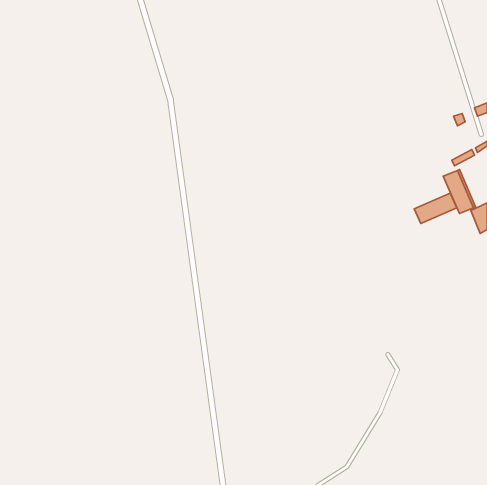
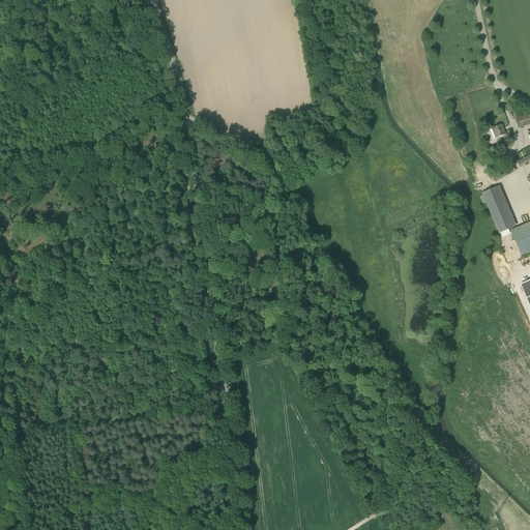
building: [414,193,457,224] -> none

